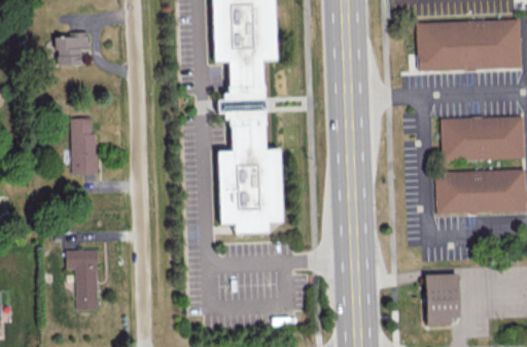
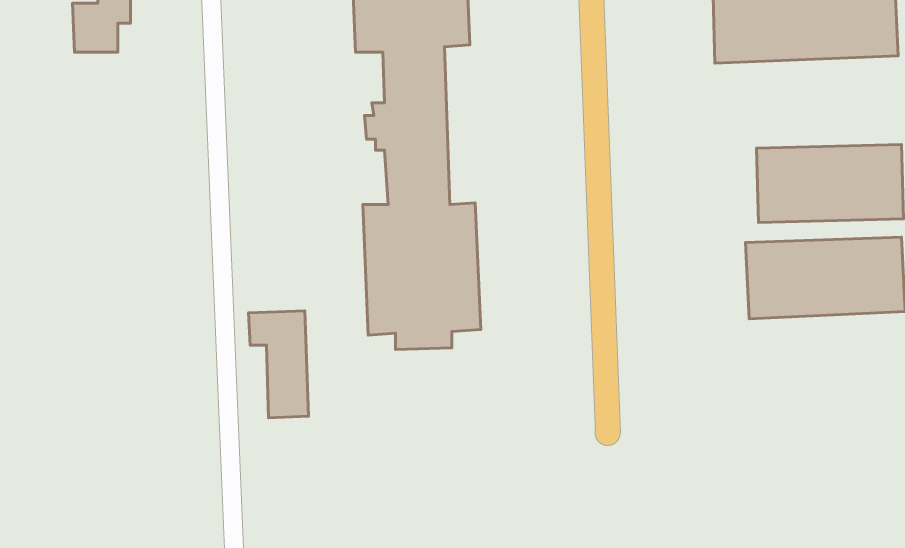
building: [69,116,95,173] -> none
building: [64,248,98,309] -> [248,311,308,418]
building: [424,274,460,325] -> none

